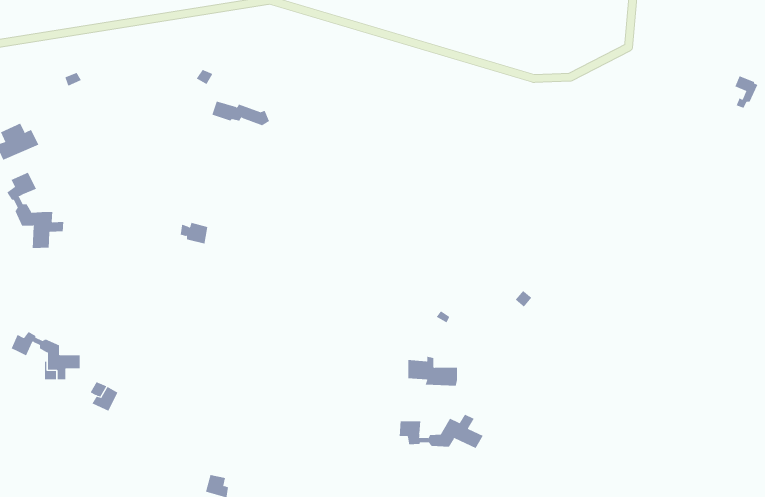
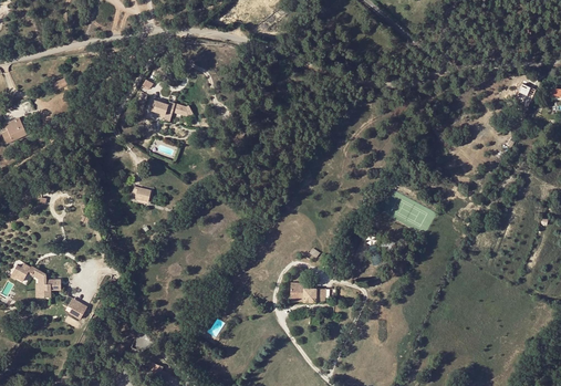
building: [6,172,64,249] -> none
building: [399,414,483,449] -> none

